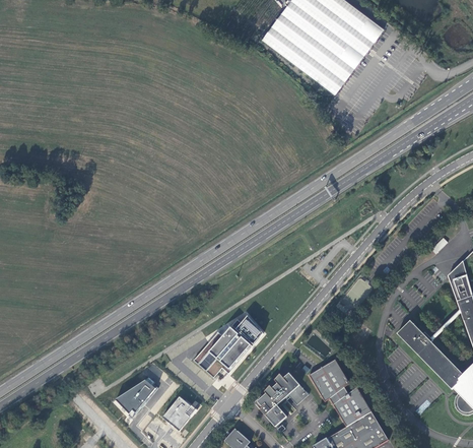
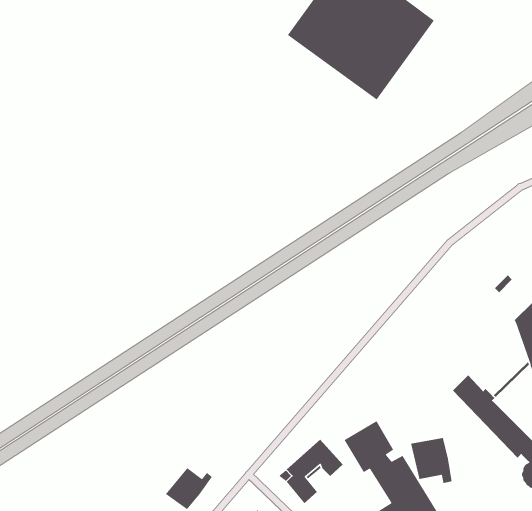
building: [192,317,261,378] -> none
building: none -> [410,437,452,484]
building: [112,379,157,421] -> none

